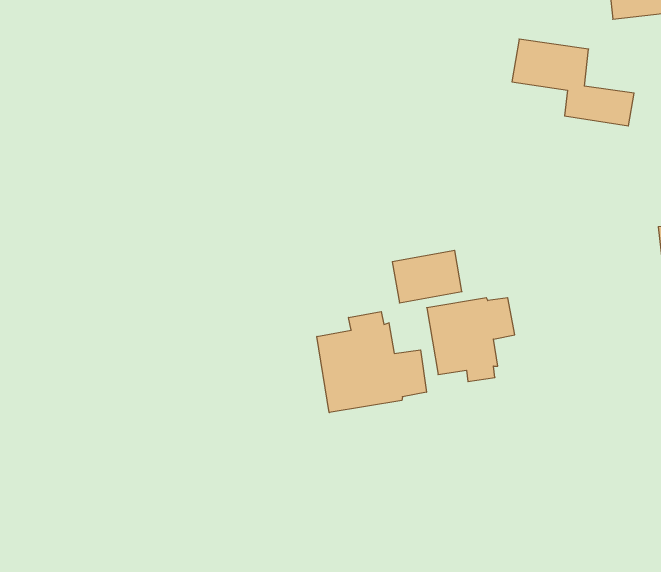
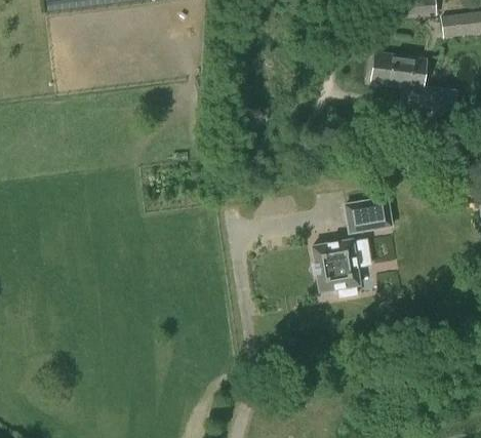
building: [392,250,462,303] -> [346,191,396,229]
building: [317,312,426,413] -> none

